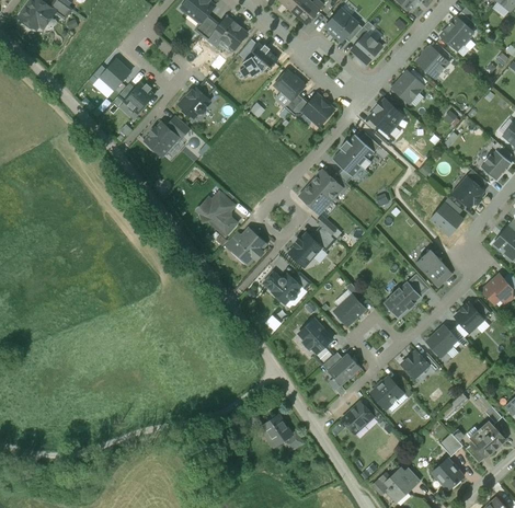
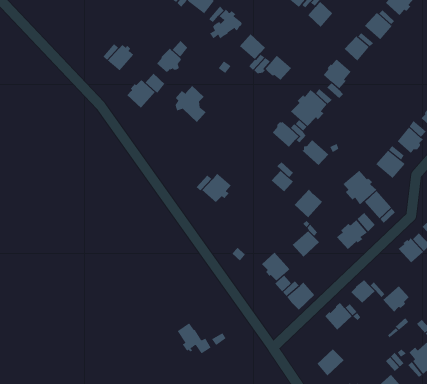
building: [95,54,133,91] -> none
building: [298,183,330,213] -> [301,139,329,166]
building: [199,192,236,234] -> [175,85,206,123]
building: none -> [342,170,377,205]
building: [287,232,320,266] -> [294,188,323,218]
building: [264,273,299,303] -> none
building: [425,325,456,356] -> [383,286,410,312]
building: [341,402,373,434] -> [317,348,345,376]
building: [262,414,301,450] -> [177,322,212,354]

